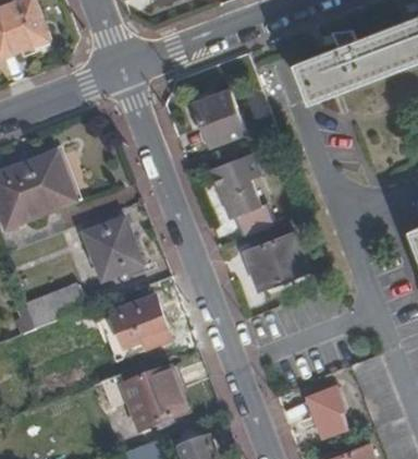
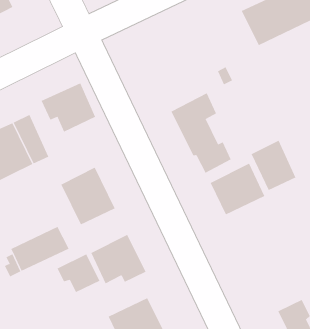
building: [194,88,246,145] -> none
building: none -> [41,83,96,133]
building: none -> [251,140,296,191]
building: none -> [57,253,100,293]

